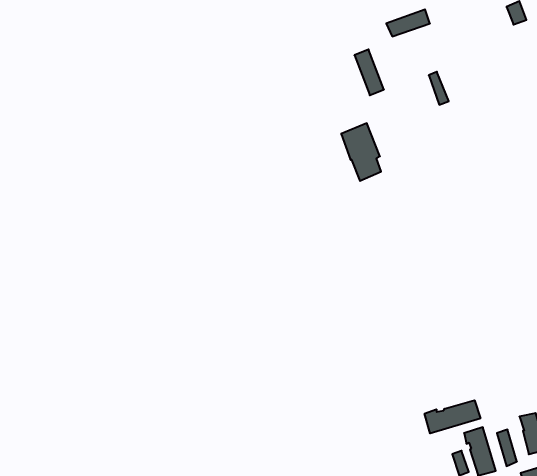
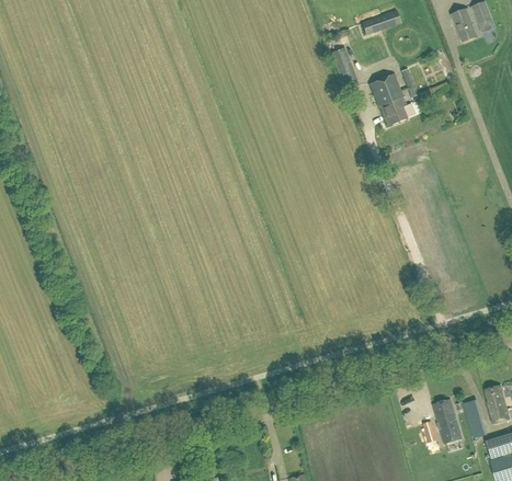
building: none -> [452,9,477,43]
building: [341,123,381,181] -> [369,73,407,127]
building: [425,400,480,433] -> none

